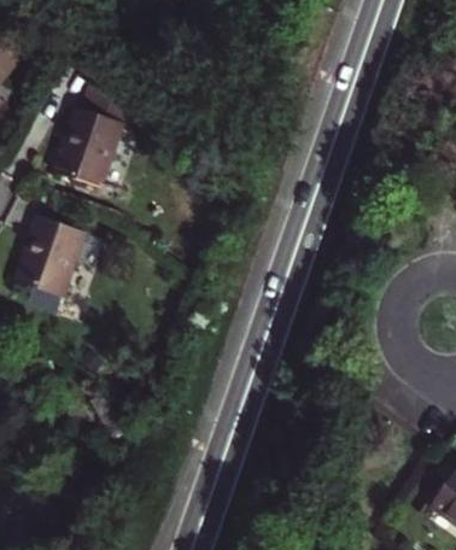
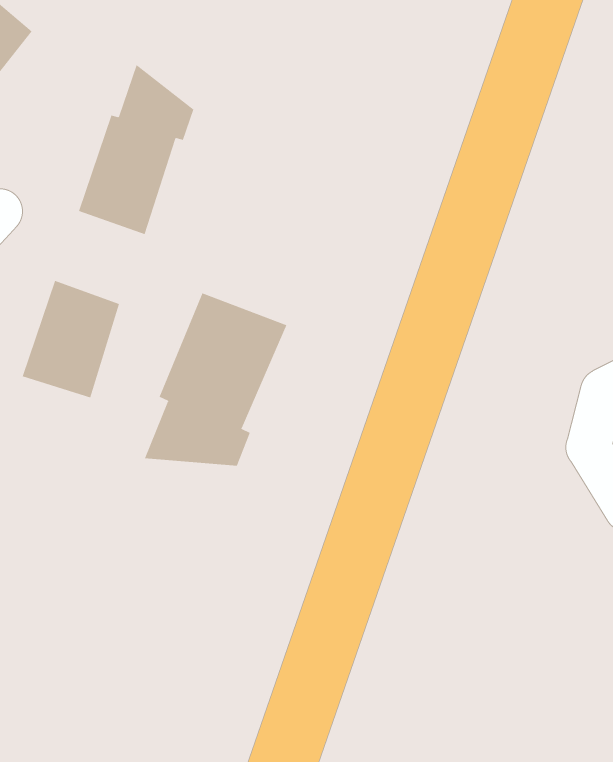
building: none -> [144,292,287,466]

